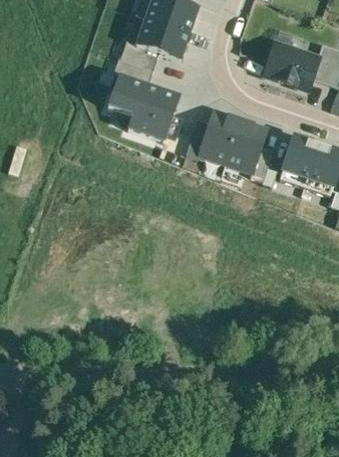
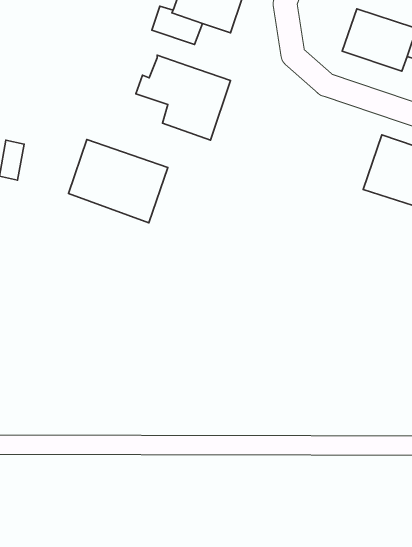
building: [112,57,152,85] -> none
building: [201,110,267,171] -> none
building: none -> [69,140,168,223]

